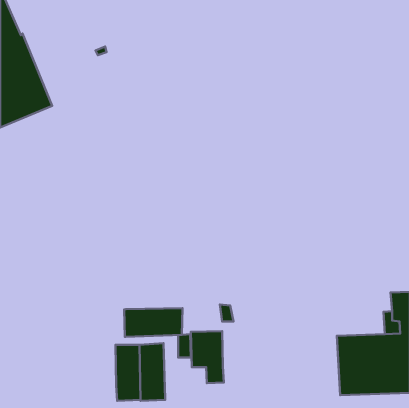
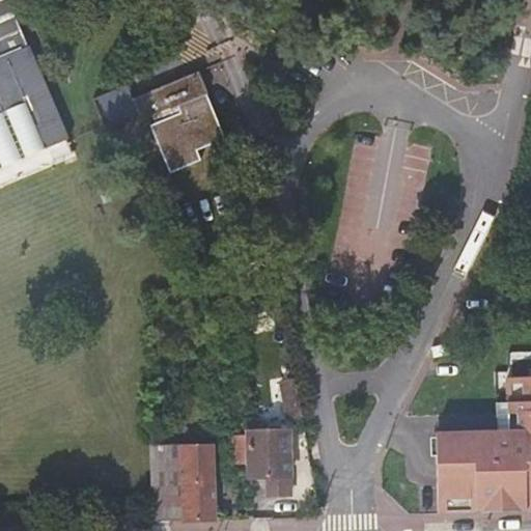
building: none -> [93,69,225,170]
building: [124,308,182,337] -> none

